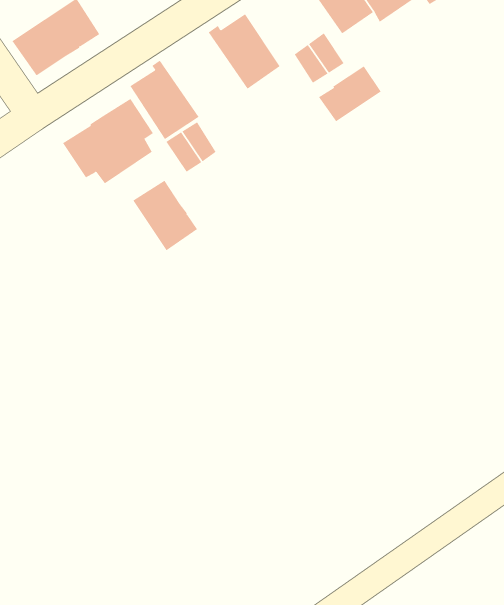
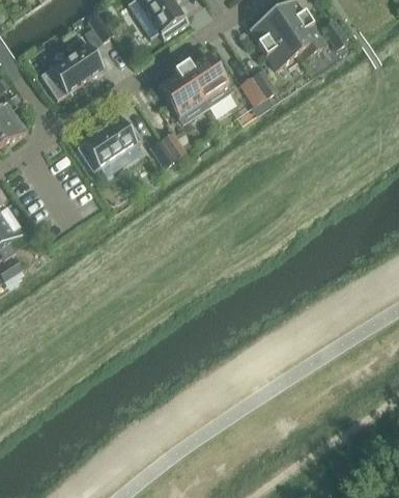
building: [130,60,199,140] -> [158,67,207,124]
building: [318,66,381,122] -> none
building: [132,180,198,251] -> none

